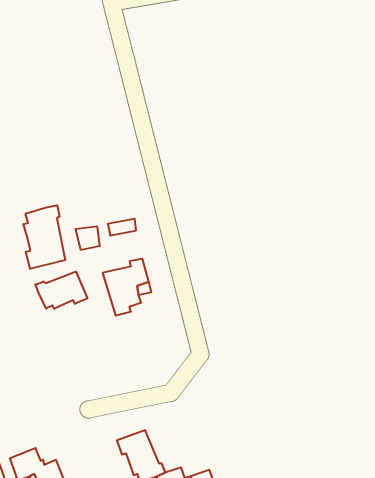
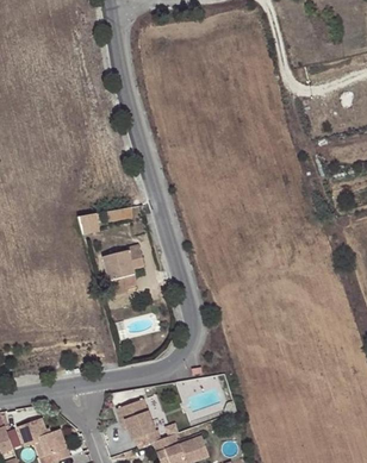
building: [23,205,65,269] -> none
building: [35,272,87,309] -> none

